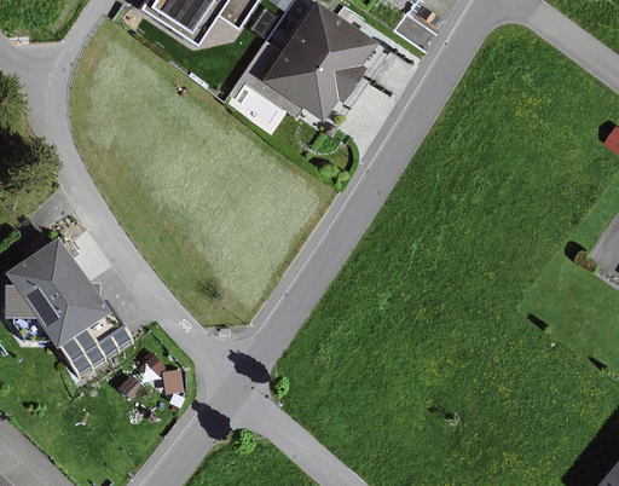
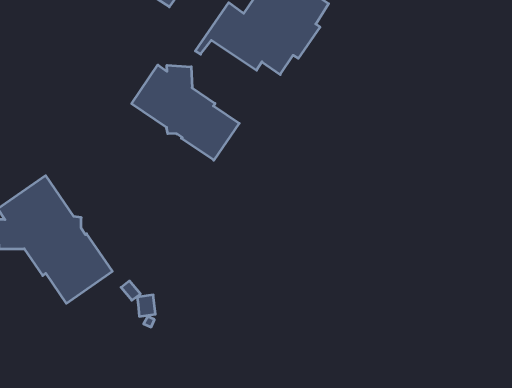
building: none -> [132,65,239,160]

